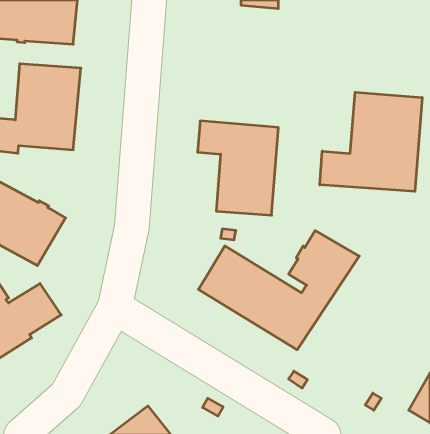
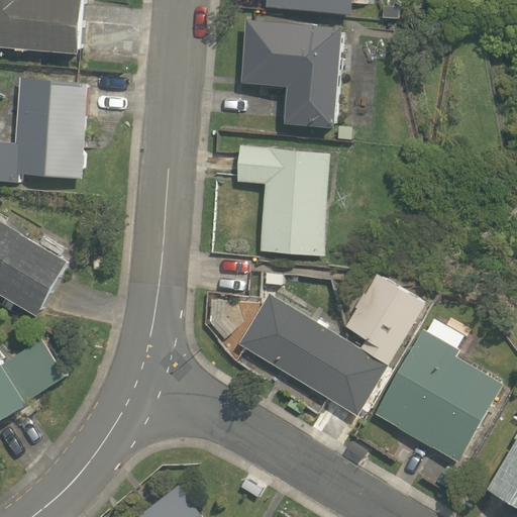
building: none -> [237,21,341,128]
building: [320,92,422,191] -> none
building: none -> [373,329,501,462]

